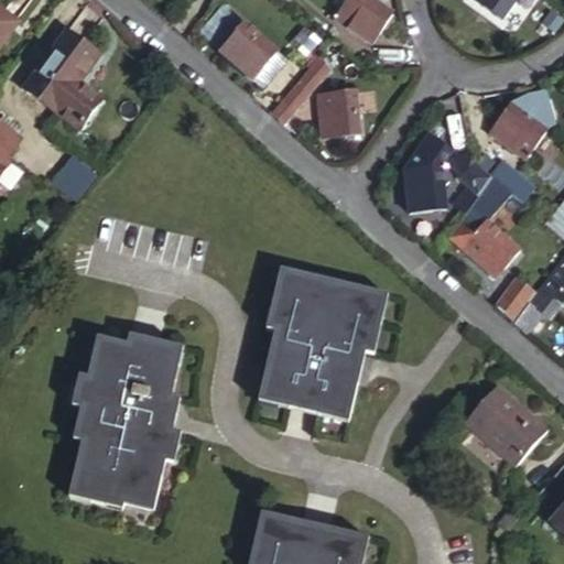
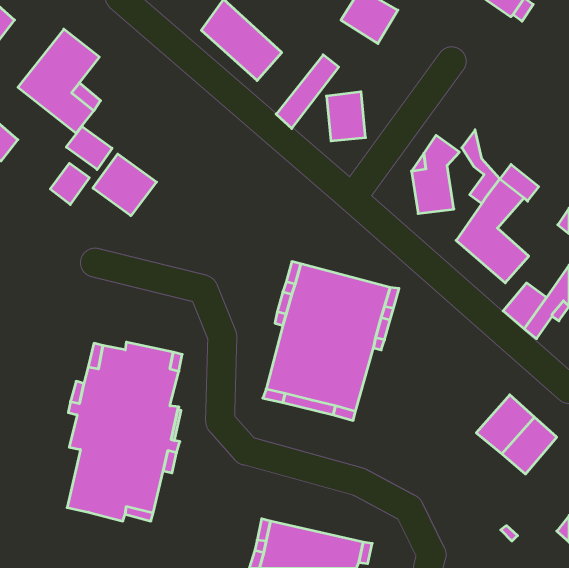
building: [489,88,555,159] -> none
building: none -> [66,126,112,170]
building: none -> [93,154,157,216]

